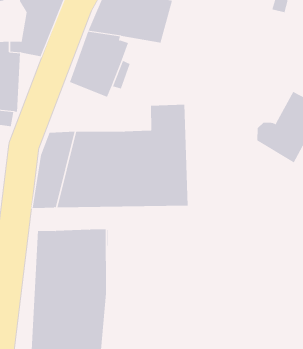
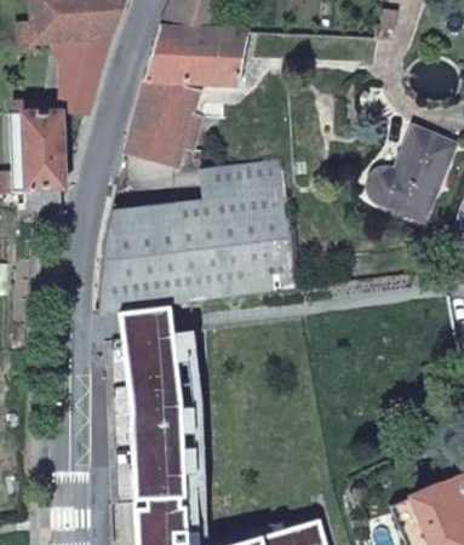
building: none -> [200,165,237,201]
building: none -> [125,303,172,337]

